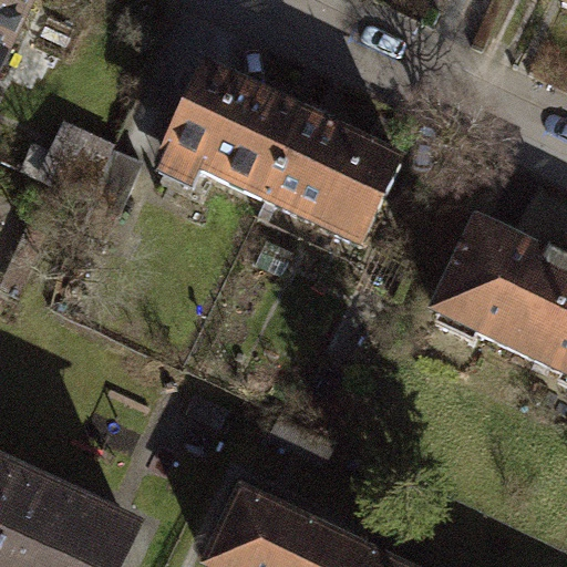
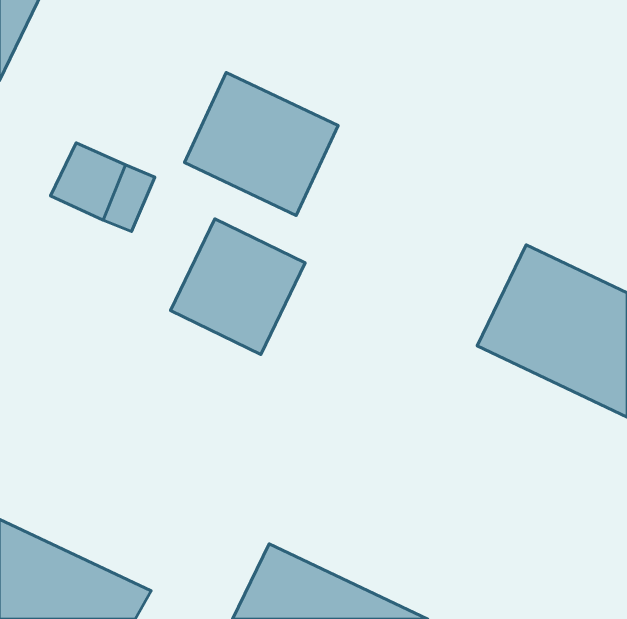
building: [267,113,401,239] -> none
building: none -> [171,219,305,355]

